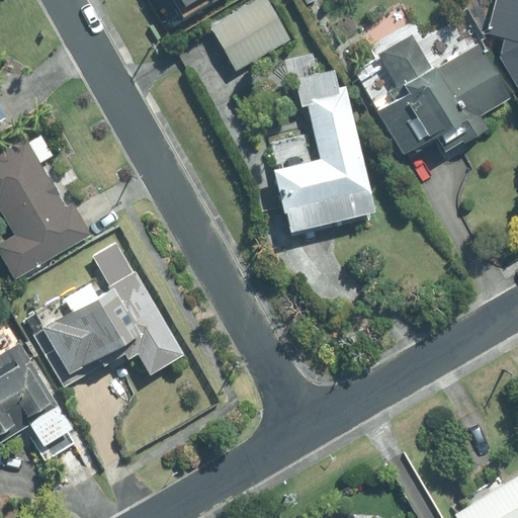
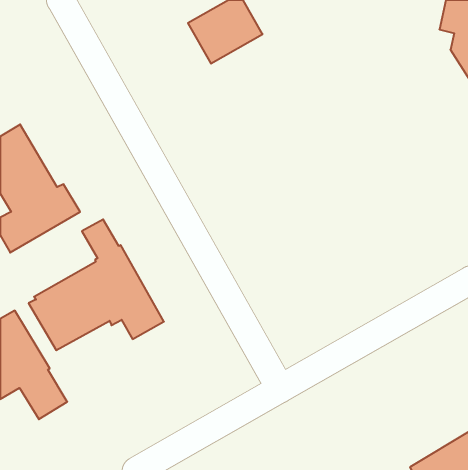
building: [374,34,509,154] -> none
building: [268,70,368,215] -> none

